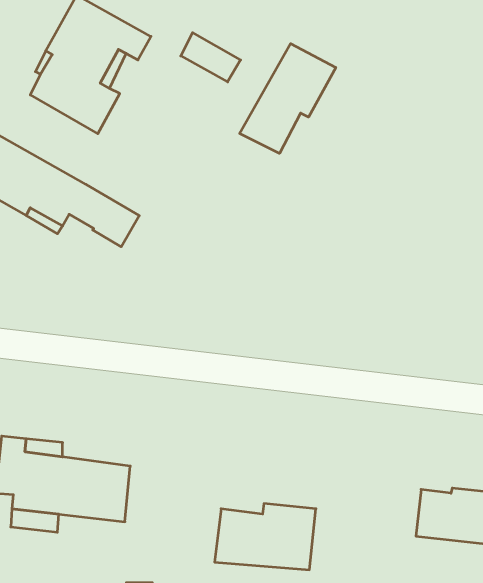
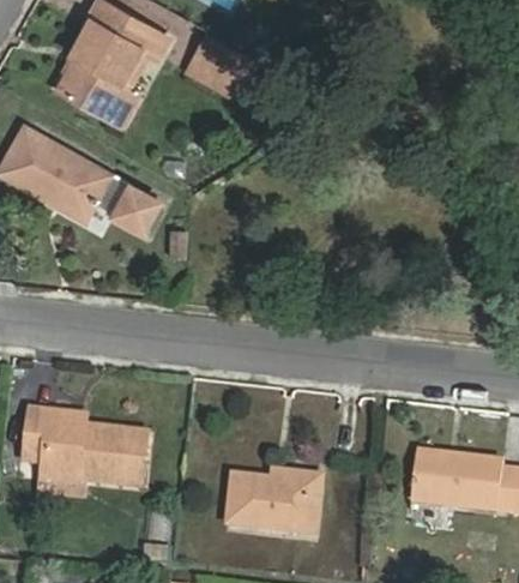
building: [240,44,336,153] -> none

